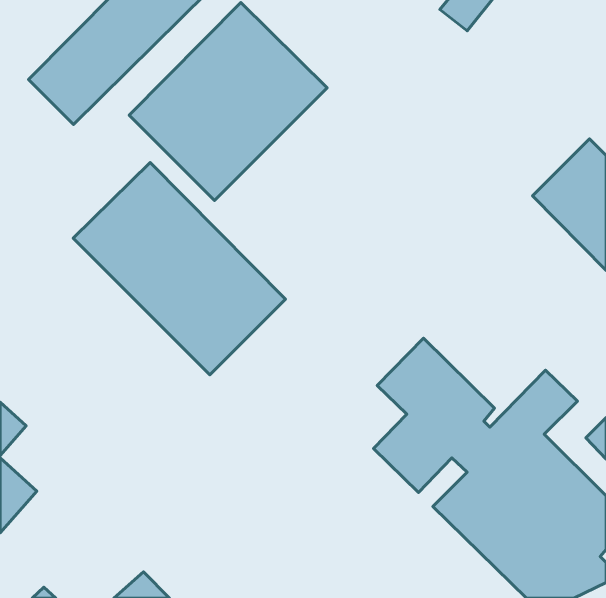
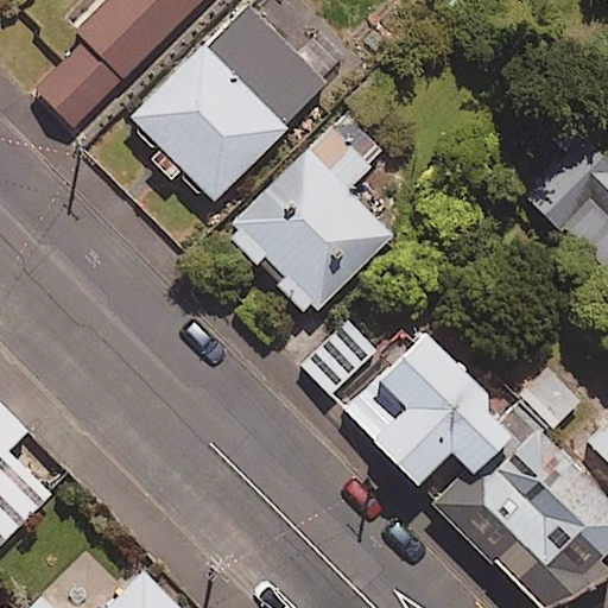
building: none -> [223,110,393,311]
building: [73,163,286,375] -> none

